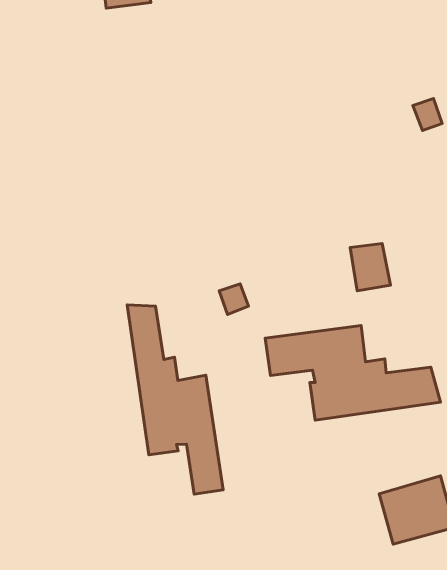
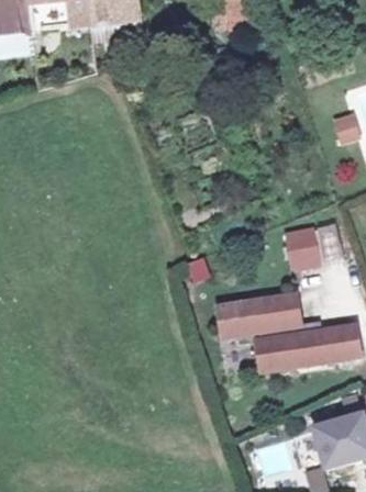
building: [127,305,223,494] -> none

